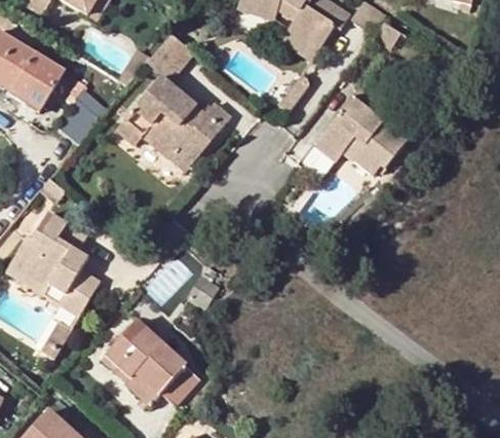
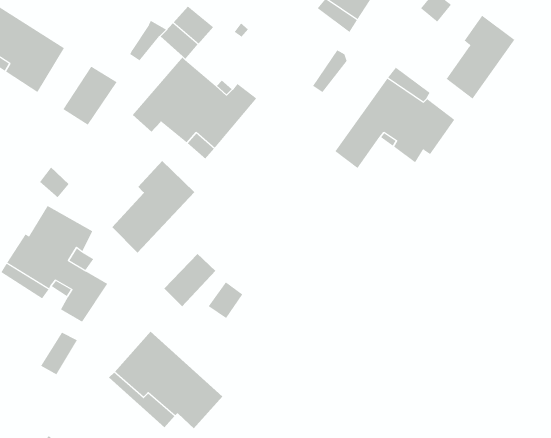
building: none -> [446,15,515,100]
building: none -> [111,160,195,254]

